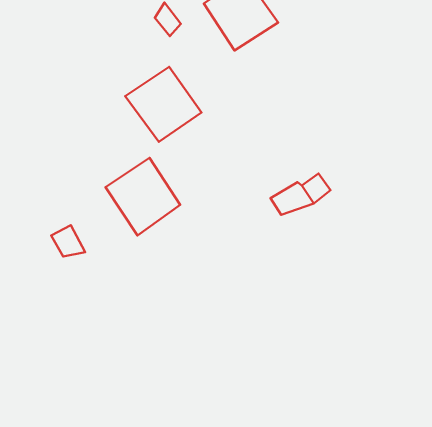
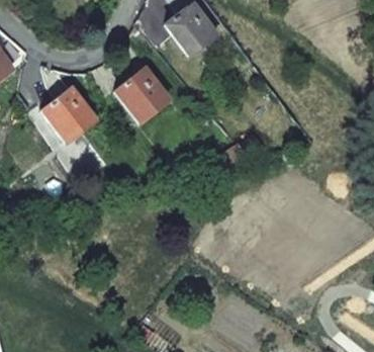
building: [106,158,180,236] -> [42,87,95,142]

